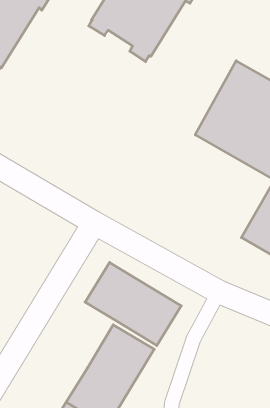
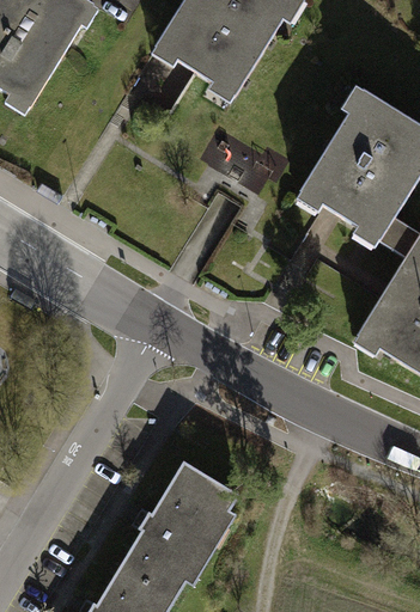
building: [85,262,181,346] -> none

